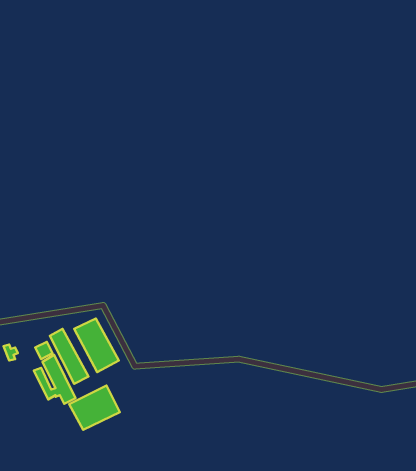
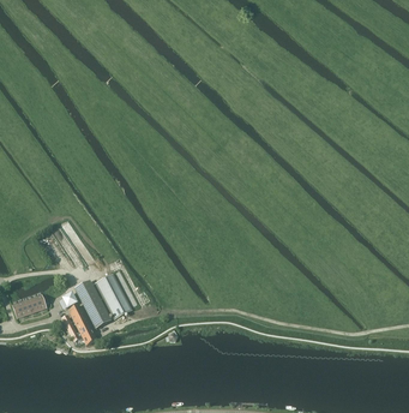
building: [69,385,120,430] -> none

